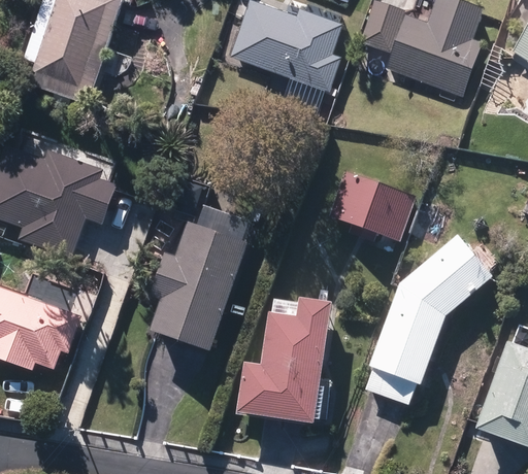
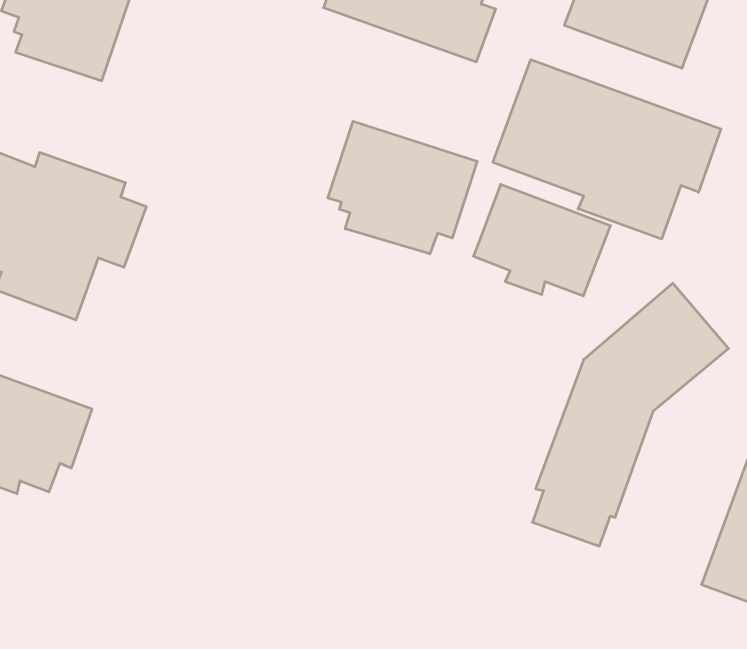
building: none -> [493,60,721,239]
building: none -> [328,121,477,254]
building: [150,175,251,352] -> none
building: [237,297,332,424] -> none

